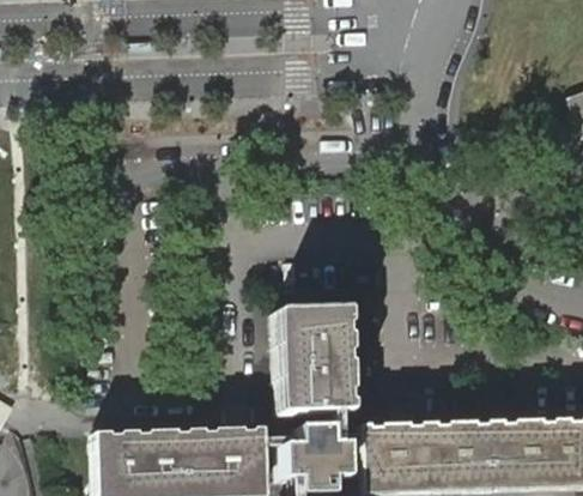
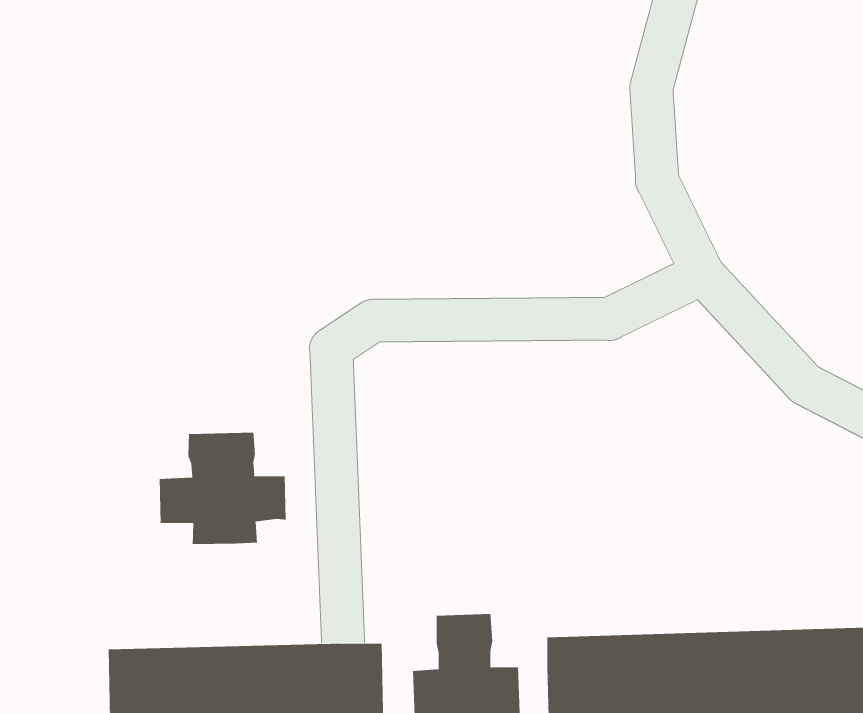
building: none -> [159,432,286,545]
building: [286,309,353,411] -> none

